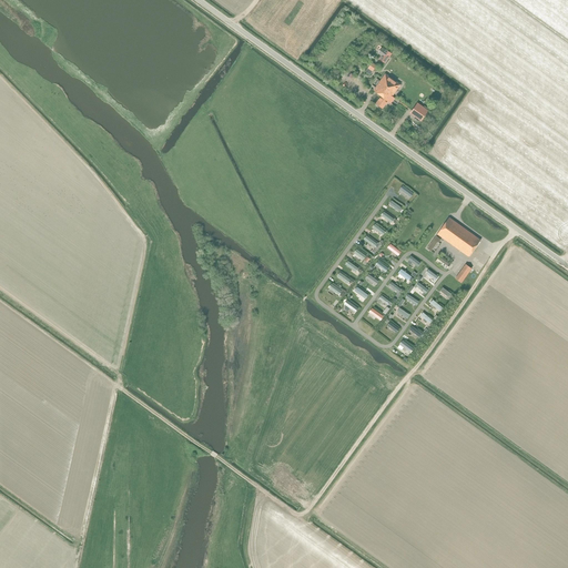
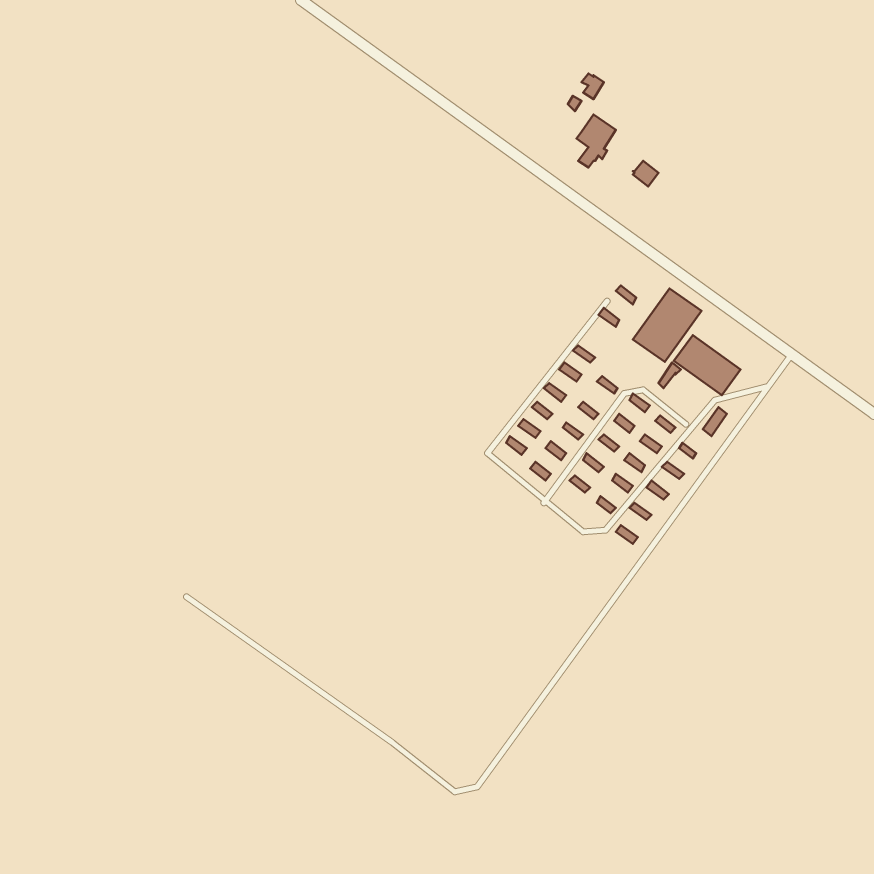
building: none -> [633,288,701,362]

